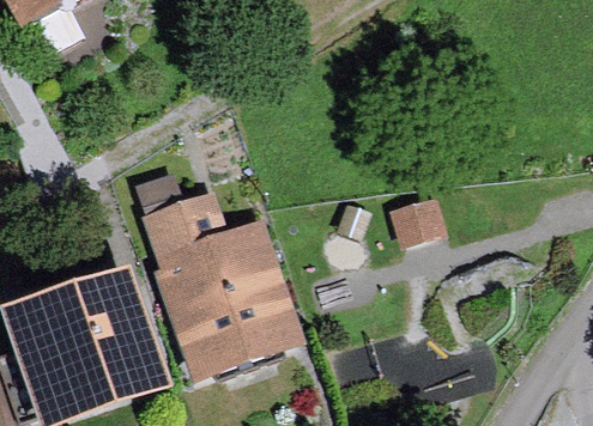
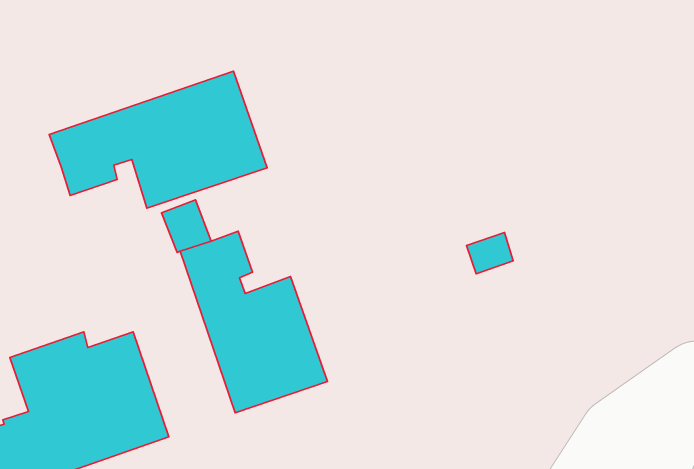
building: none -> [49,71,267,208]

